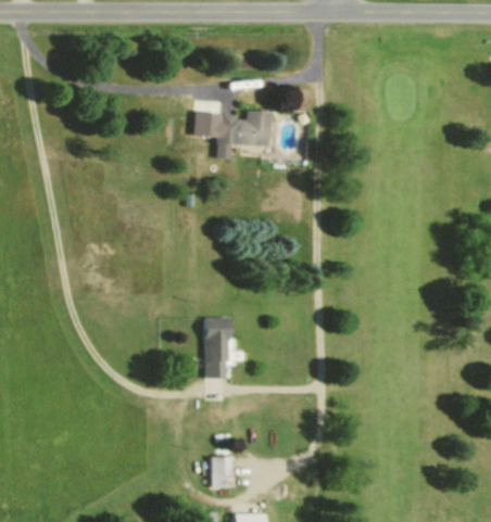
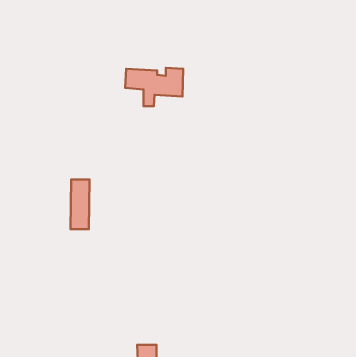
building: [204,317,228,379] -> [70,180,90,229]

